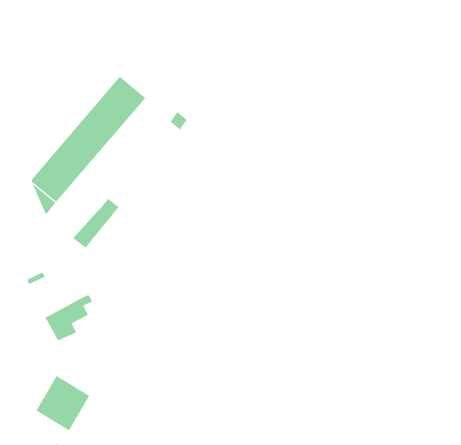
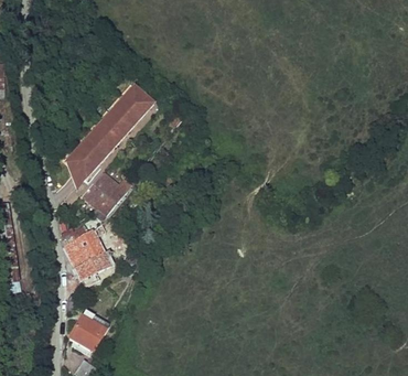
building: none -> [83,173,116,207]
building: none -> [64,225,105,267]

